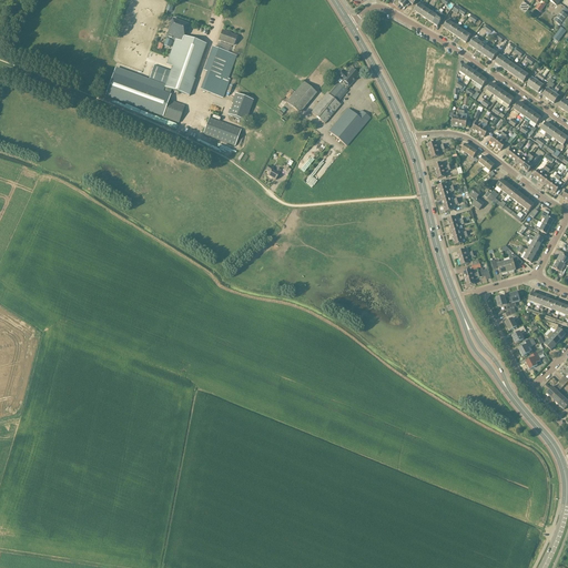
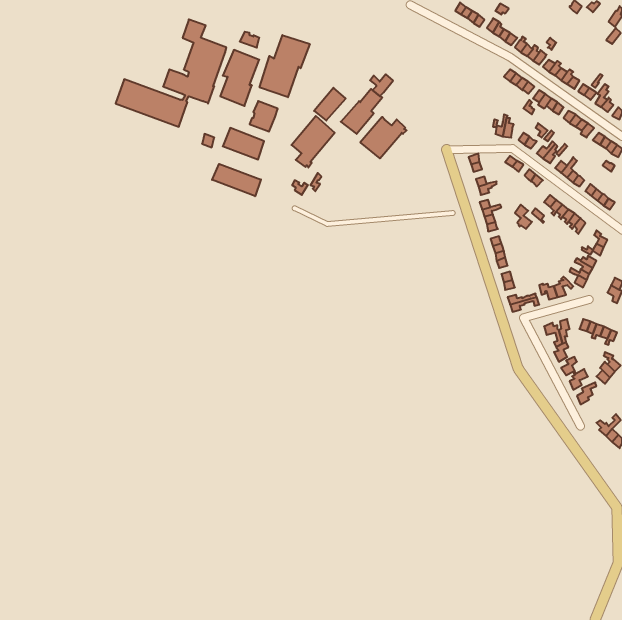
building: none -> [260,35,310,97]
building: none -> [291,116,335,168]
building: none -> [212,164,261,196]

